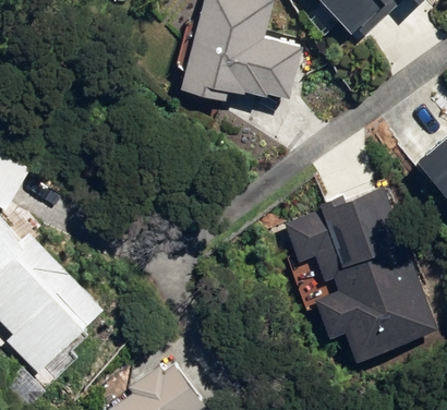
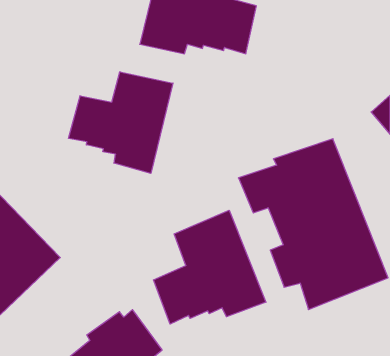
building: none -> [69,72,173,173]
building: none -> [154,210,266,324]

